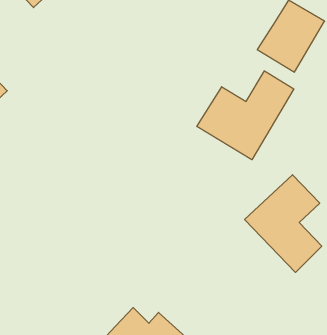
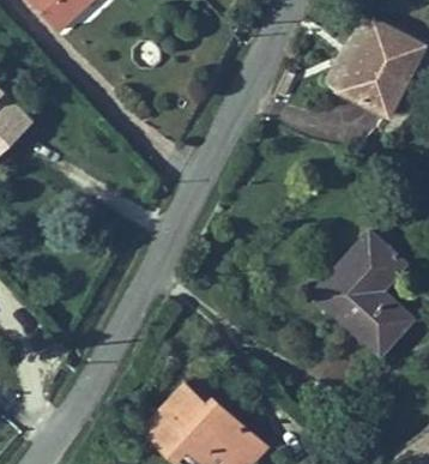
building: [197,71,294,160] -> none

